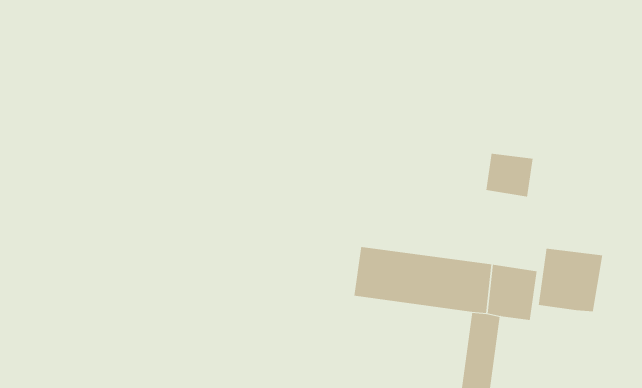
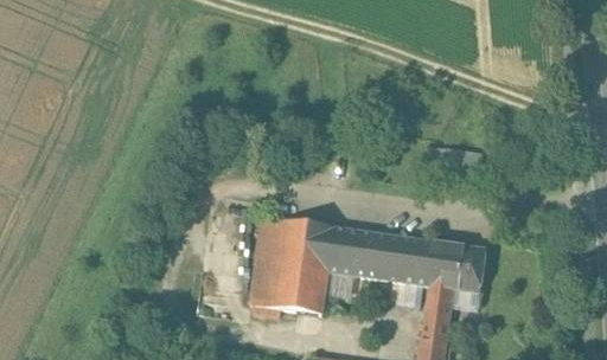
building: none -> [249,216,332,313]
building: [538,248,603,312] -> none

